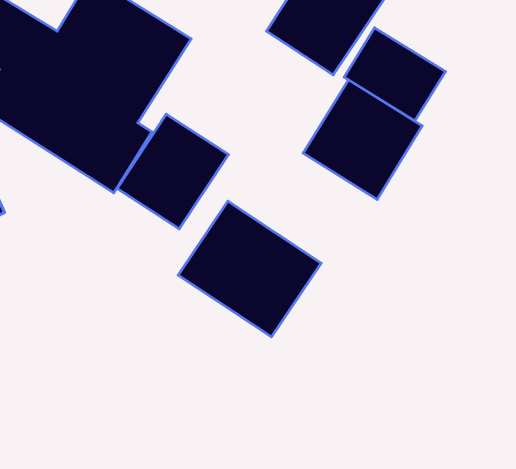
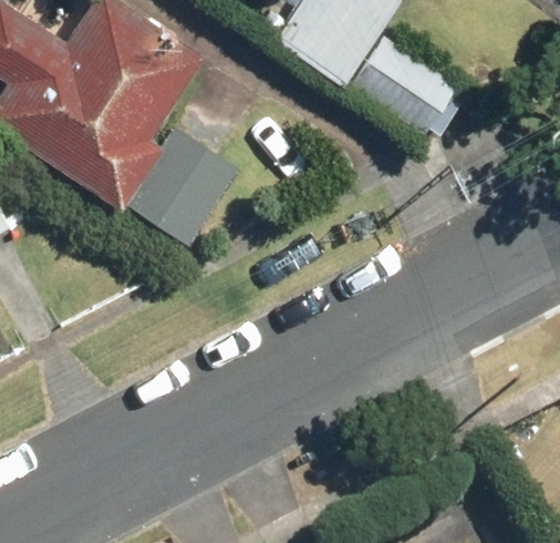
building: [303,80,422,199] -> none
building: [178,201,321,337] -> none

